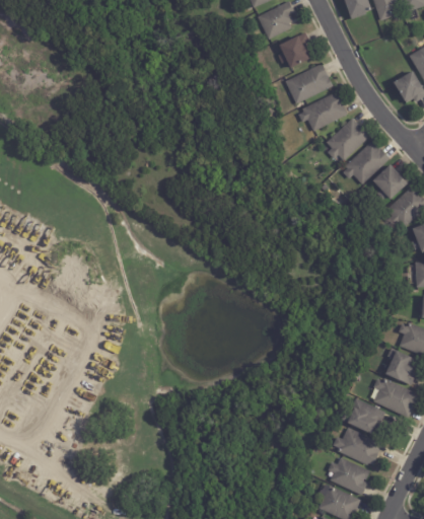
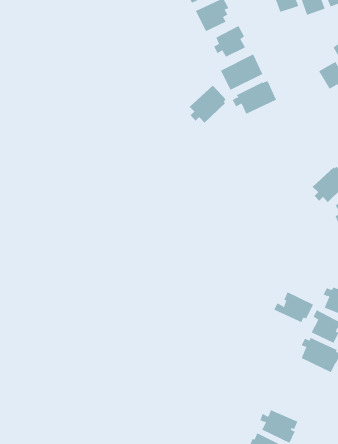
building: [327,118,368,160] -> [189,85,227,123]
building: [342,141,388,184] -> none
building: [372,166,410,202] -> none
building: [340,397,384,432] -> [273,292,314,323]
building: [333,426,381,464] -> none

